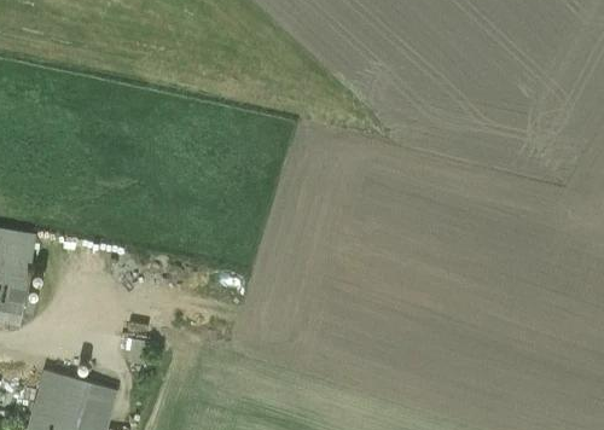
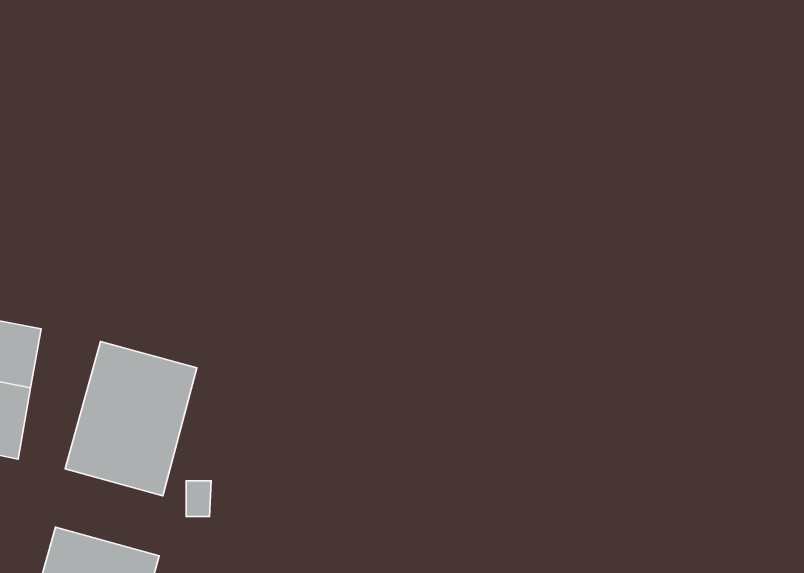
building: none -> [65,342,197,496]

